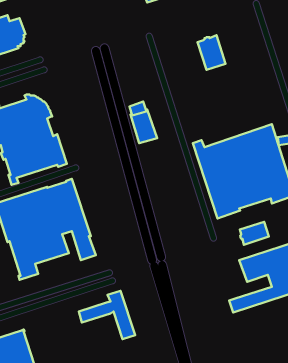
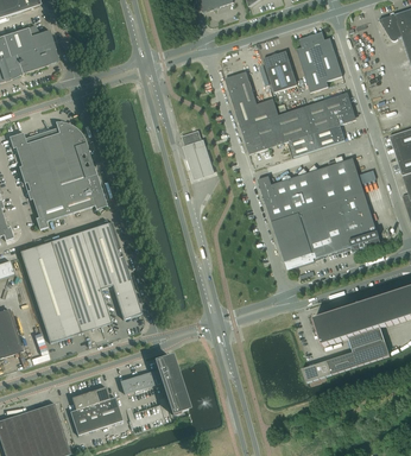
building: none -> [296,31,341,91]
building: none -> [227,71,352,157]
building: [240,222,269,245] -> none
building: none -> [69,386,122,435]

